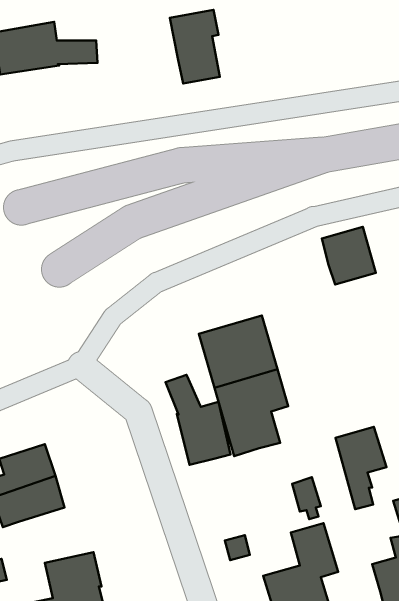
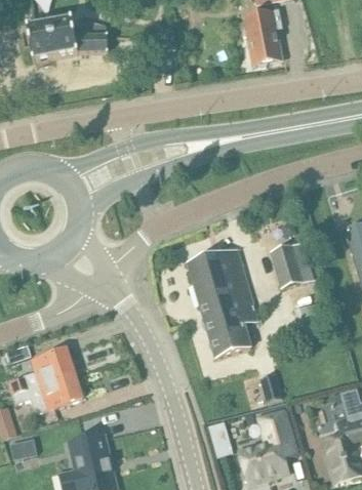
building: [170,10,220,83] -> [242,6,281,64]
building: [322,227,376,285] -> [271,241,313,286]
building: [166,375,230,465] -> none
building: [336,427,387,509] -> none

